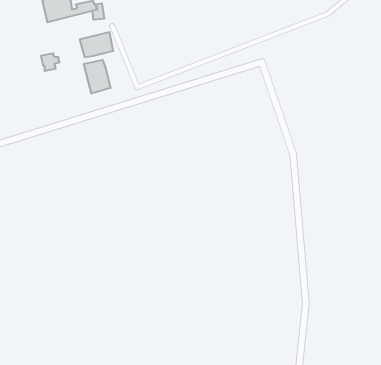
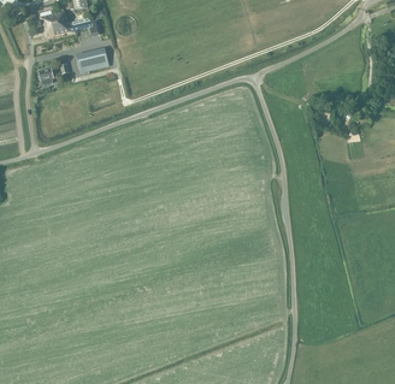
building: [84,60,111,94] -> none

